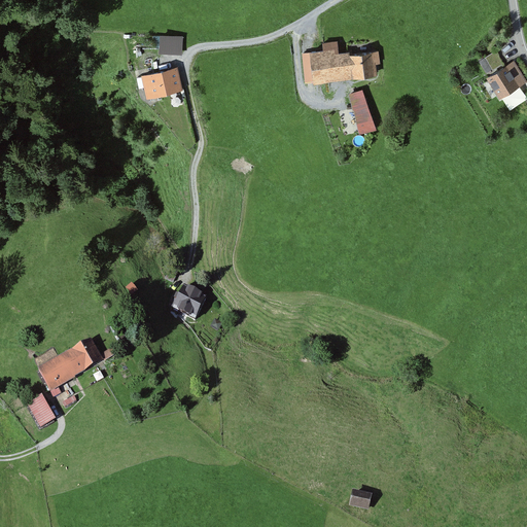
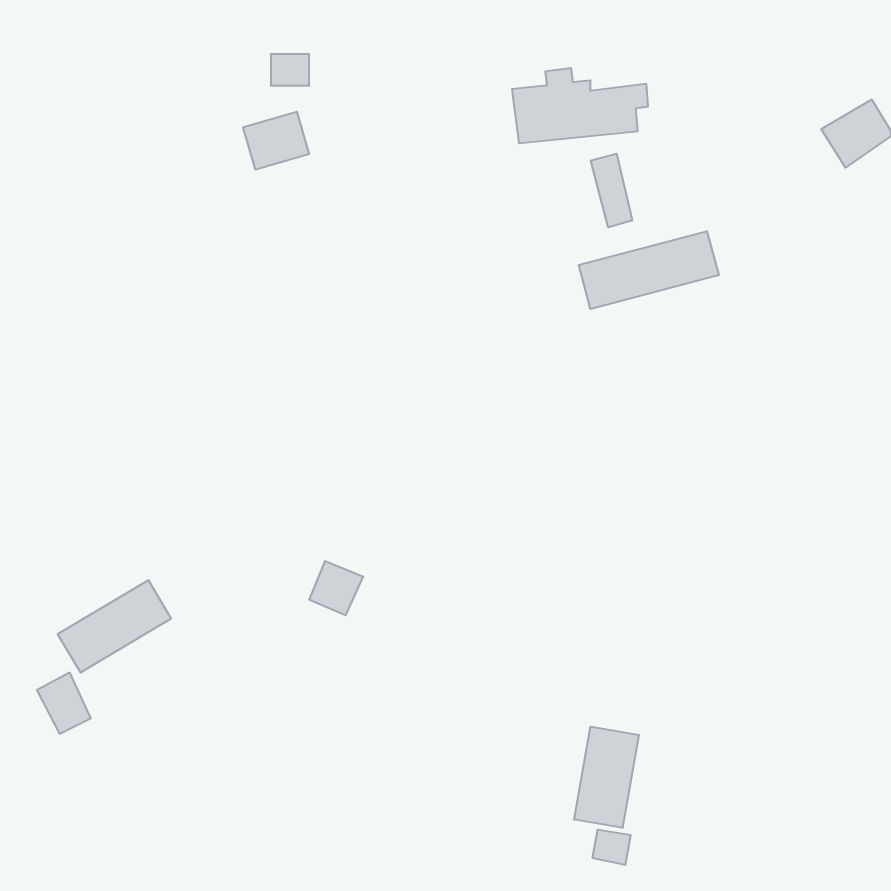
building: none -> [579,231,719,309]
building: [172,289,204,321] -> [309,561,363,615]
building: none -> [574,727,639,828]

